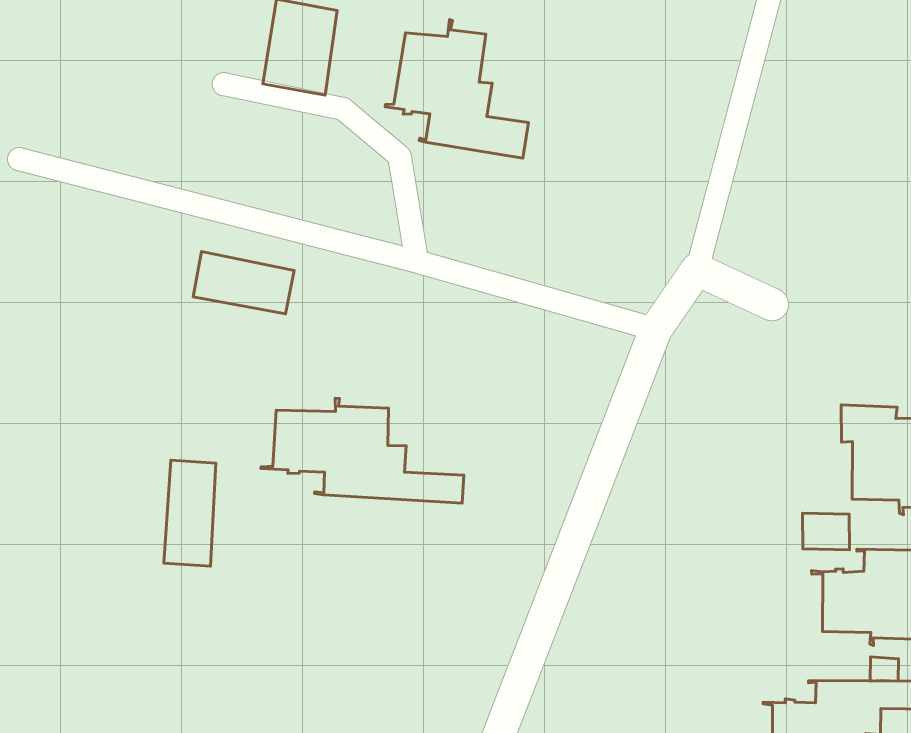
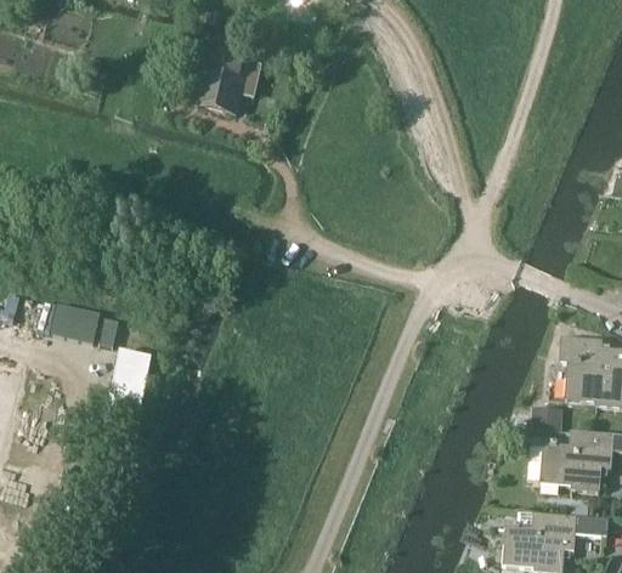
building: [385,20,528,158] -> none
building: [193,252,294,314] -> [56,300,123,344]
building: [261,398,464,503] -> none

